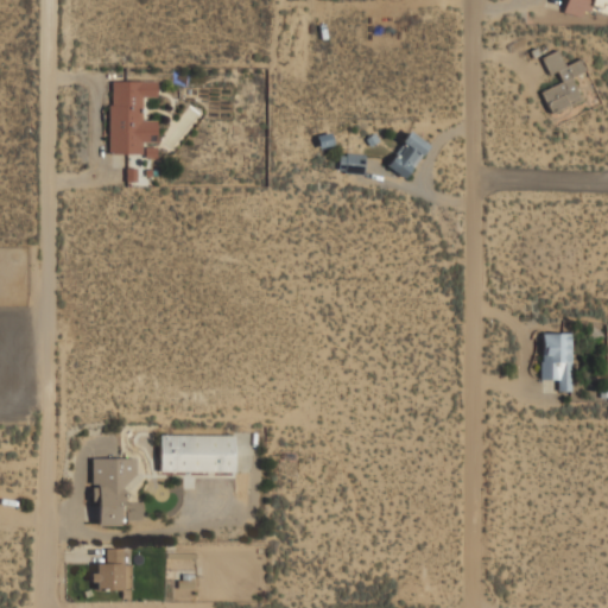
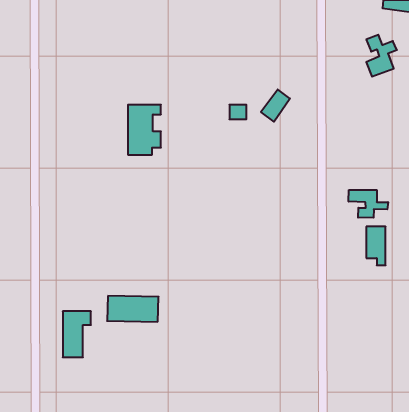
building: [112,82,160,156] -> [128,105,161,155]
building: none -> [349,190,388,218]
building: [94,549,128,590] -> none

